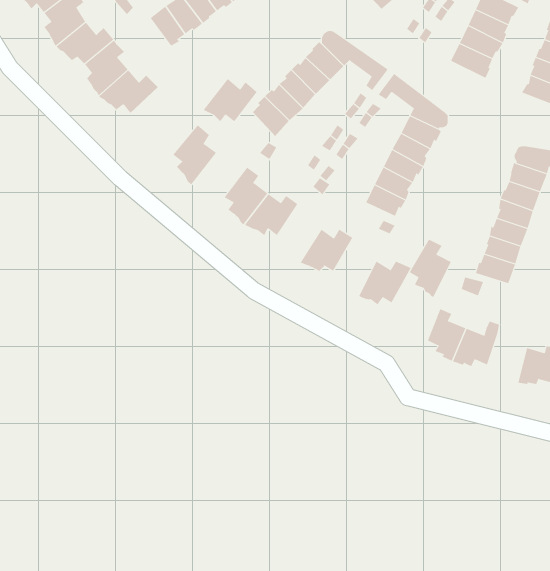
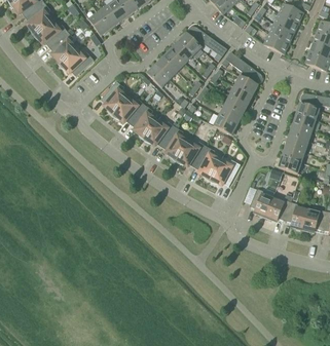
building: [203,78,258,122] -> [113,97,145,122]
building: none -> [162,126,188,160]
building: [409,239,451,297] -> [195,146,220,180]
building: none -> [285,201,307,230]

